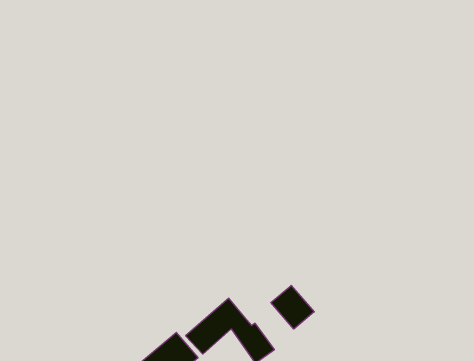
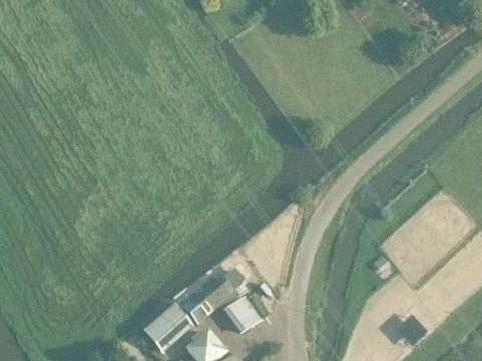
building: [271,285,314,329] -> none

